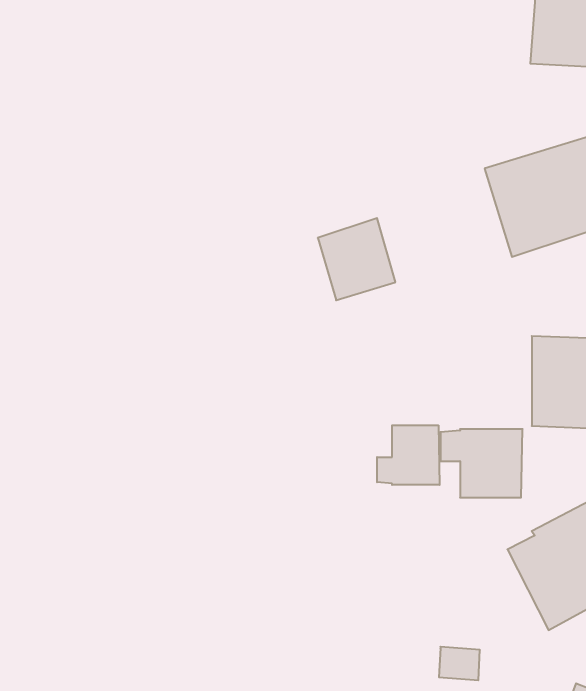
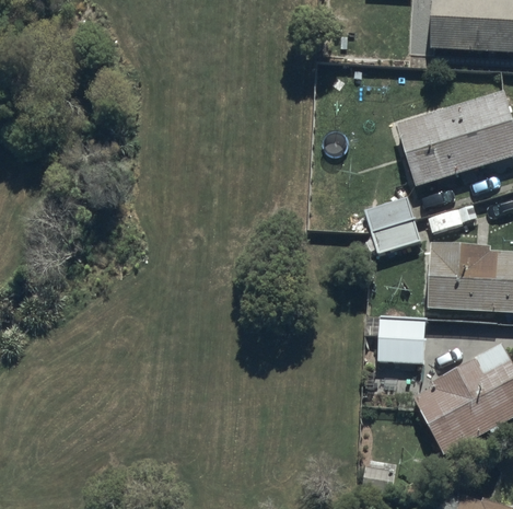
building: [318,218,395,300] -> [365,195,421,254]
building: [377,425,440,485] -> none

